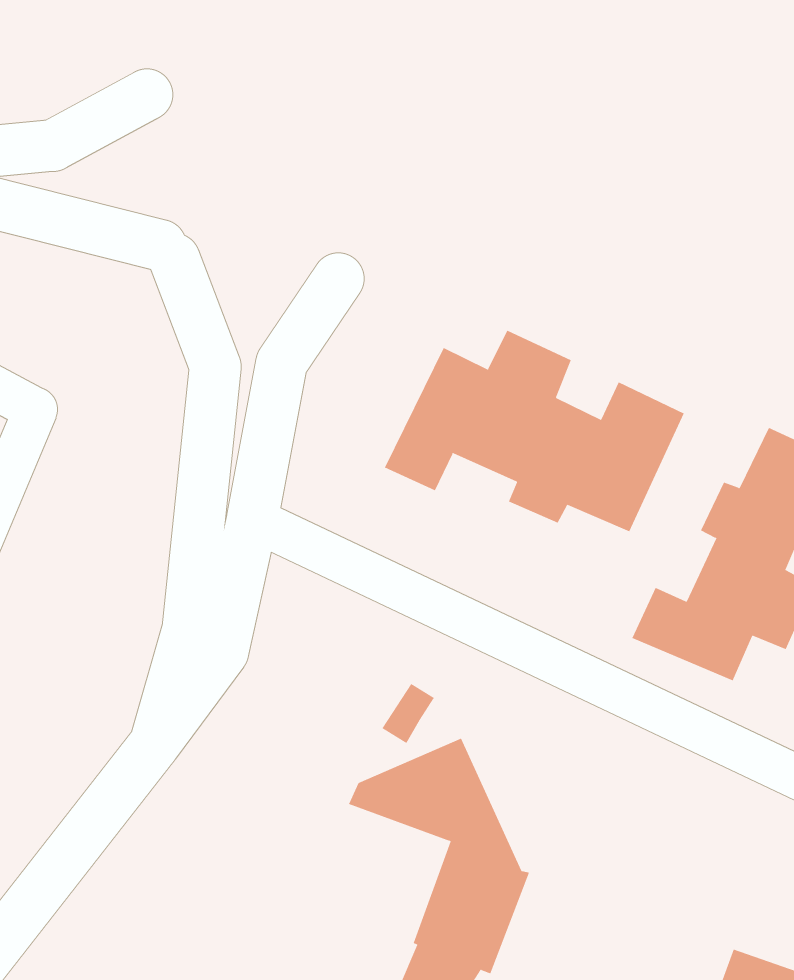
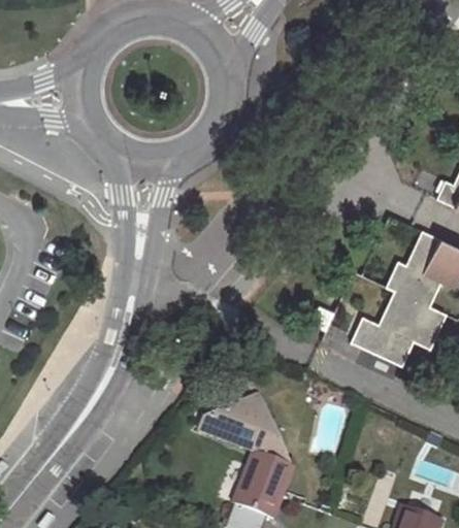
building: [384,330,684,532] -> none

